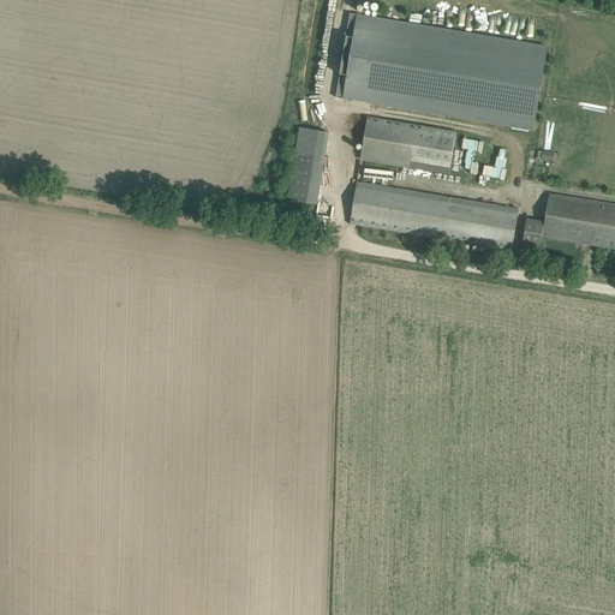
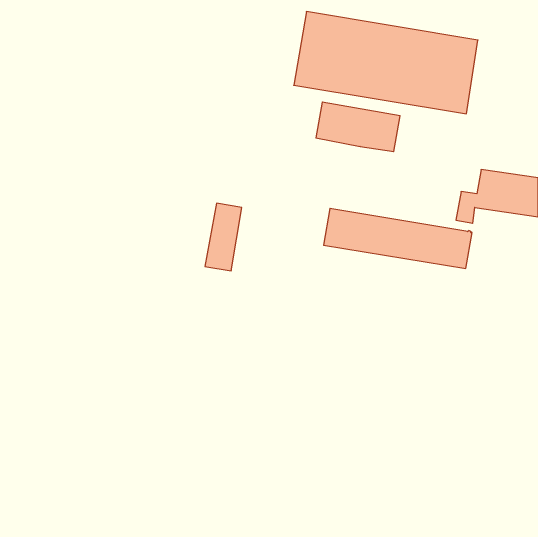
building: [287,127,329,204] -> [205,203,242,271]
building: [350,181,519,250] -> [324,208,472,268]

